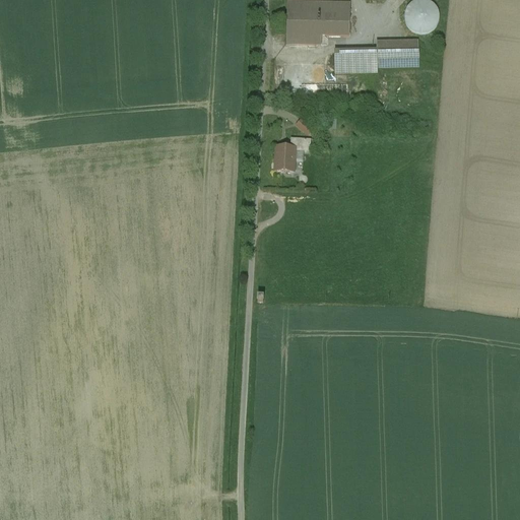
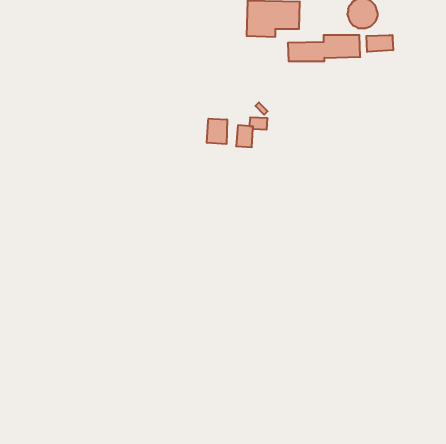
building: none -> [366,35,393,52]
building: none -> [207,119,227,144]

